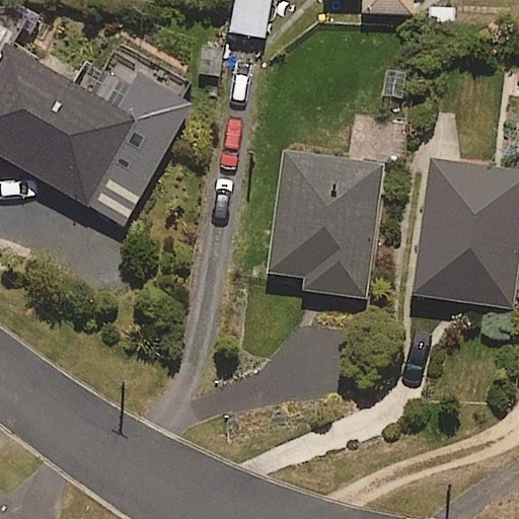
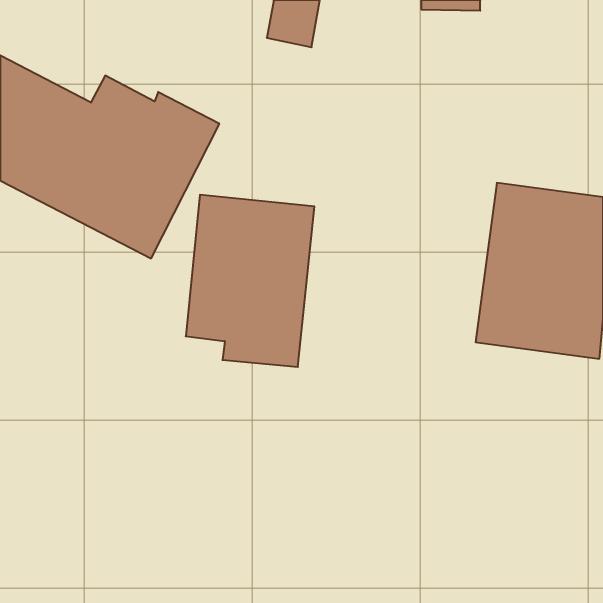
building: [272,150,382,298] -> [186,195,314,367]

